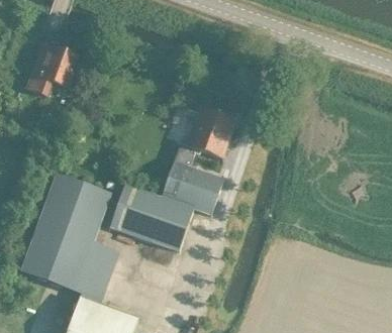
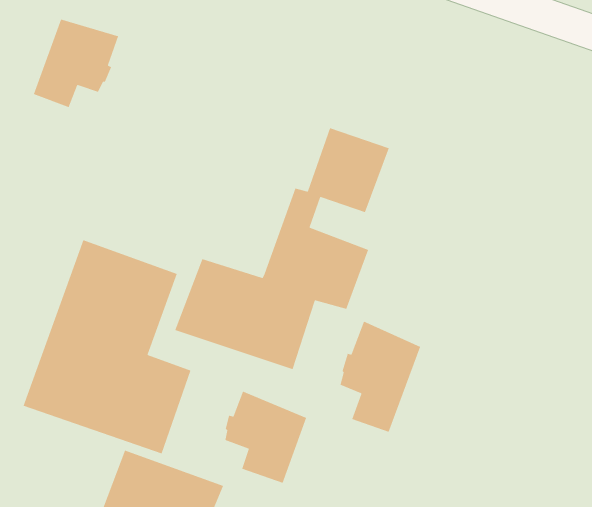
building: none -> [340,321,421,433]
building: none -> [224,391,307,484]

